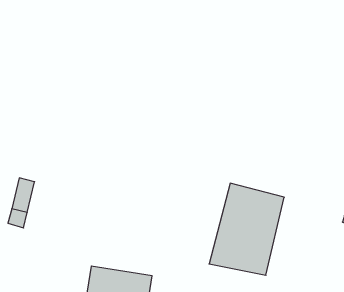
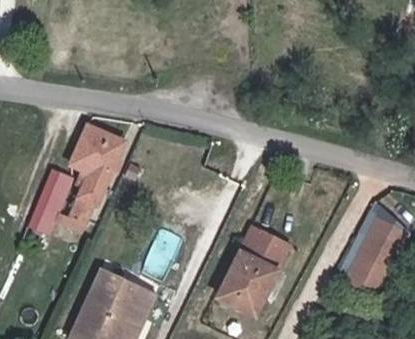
building: none -> [75,131,127,224]

